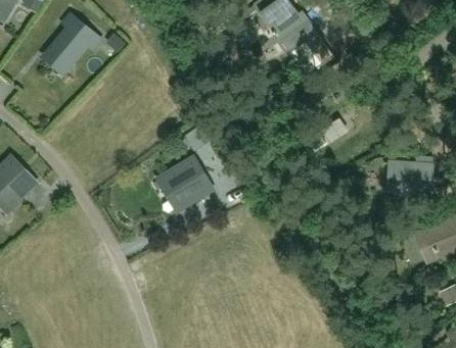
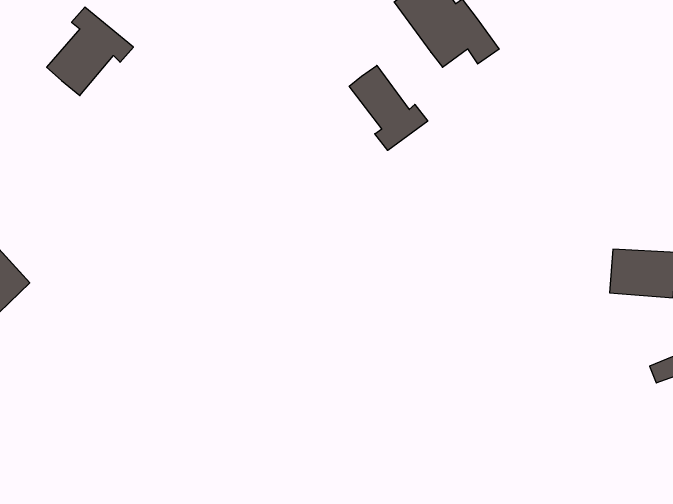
building: none -> [349,65,428,150]
building: [162,157,212,207] -> none

